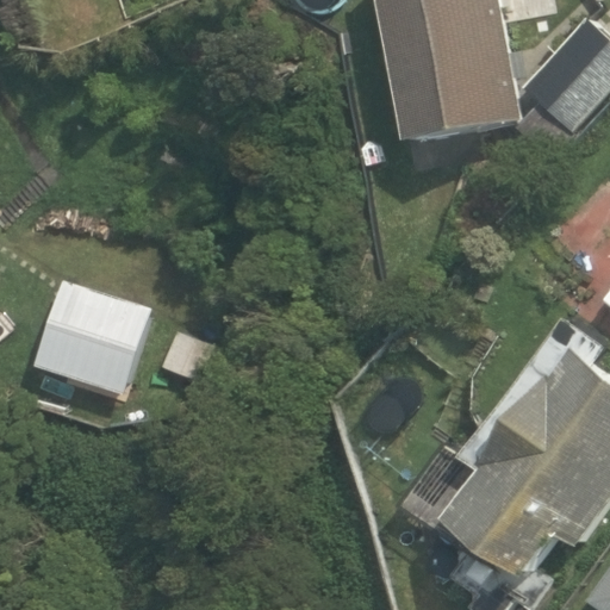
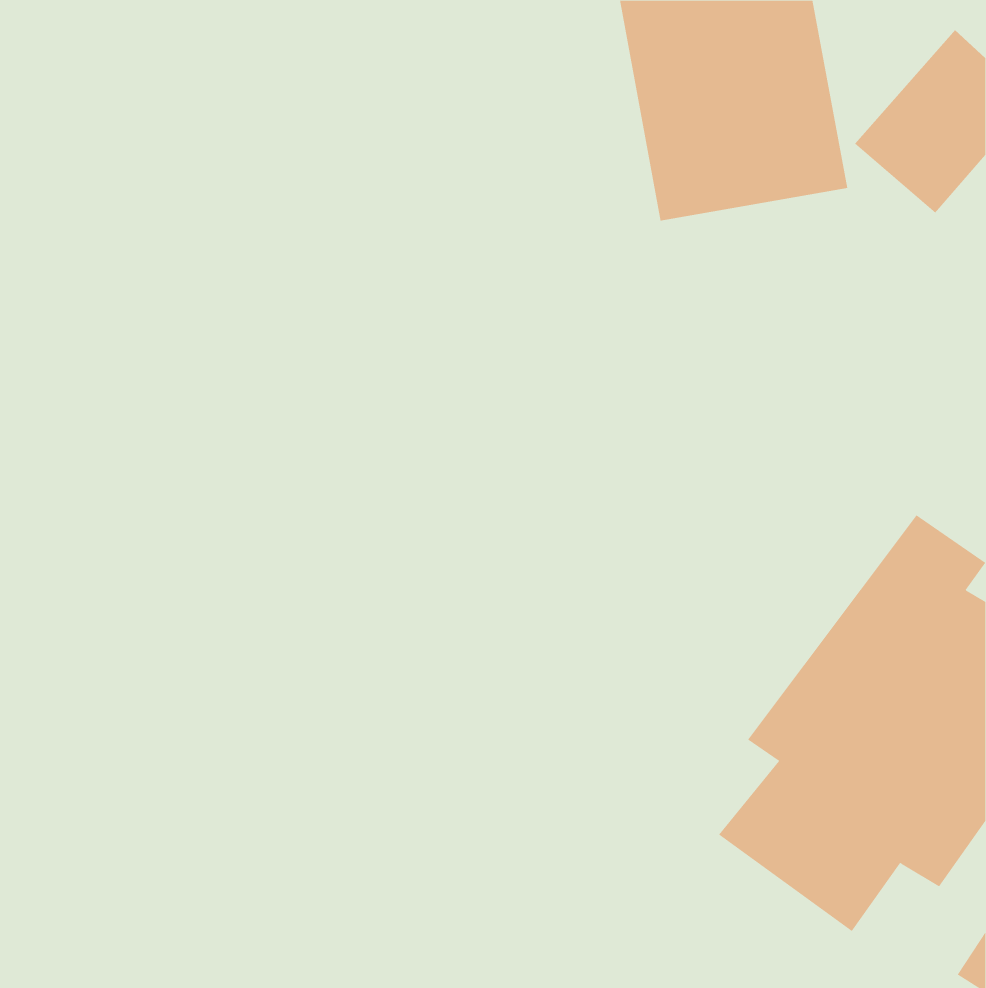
building: [36,282,151,396] -> none

